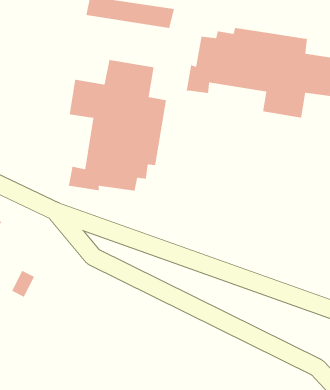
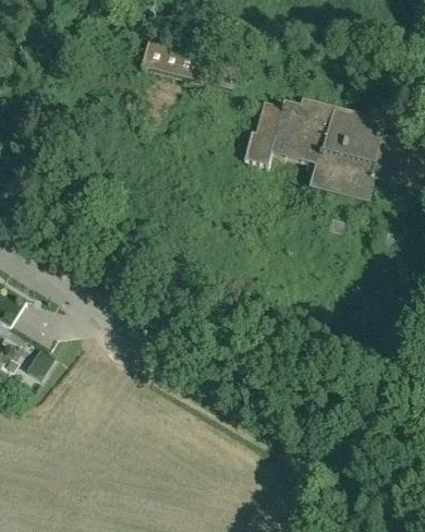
building: [68,59,167,192] -> none

